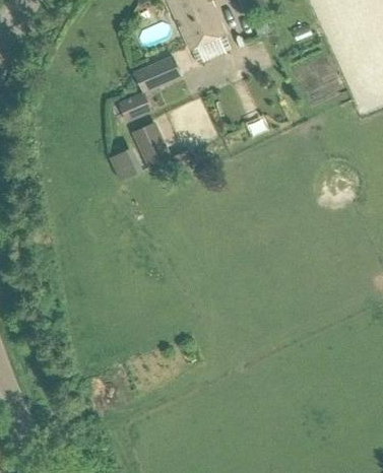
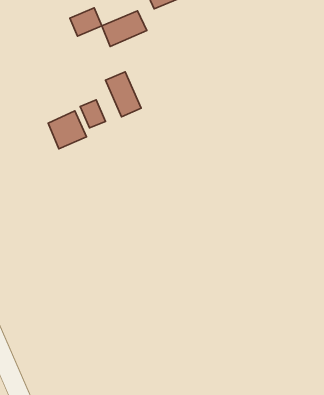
building: [117,92,151,123] -> [70,8,102,36]
building: none -> [48,111,87,149]

